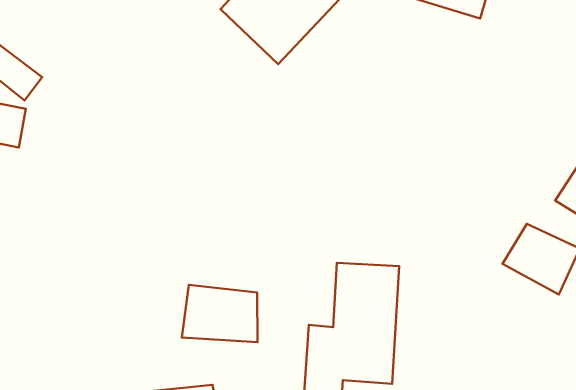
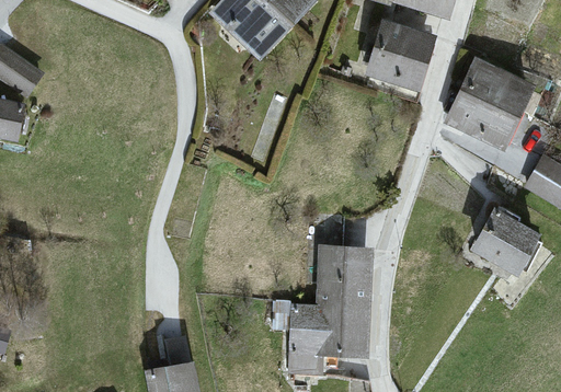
building: none -> [366,18,439,93]
building: none -> [444,55,533,151]
building: [182,285,257,342] -> none

